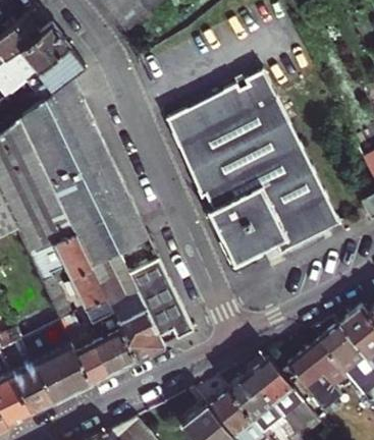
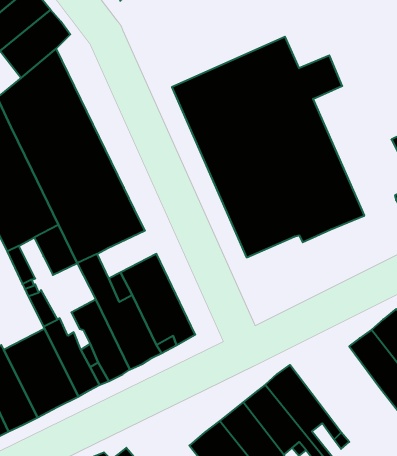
building: [66,266,104,309] -> none
building: [292,338,352,399] -> none

